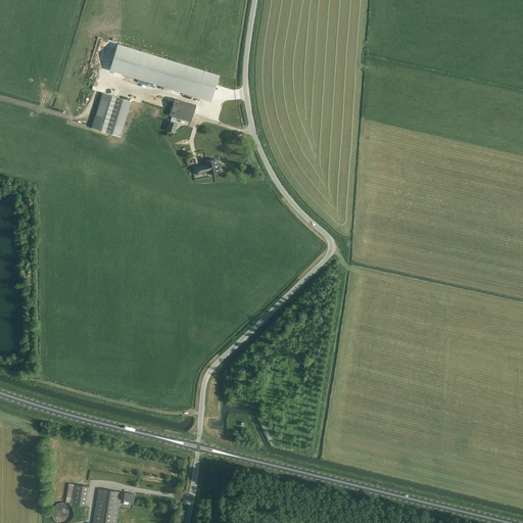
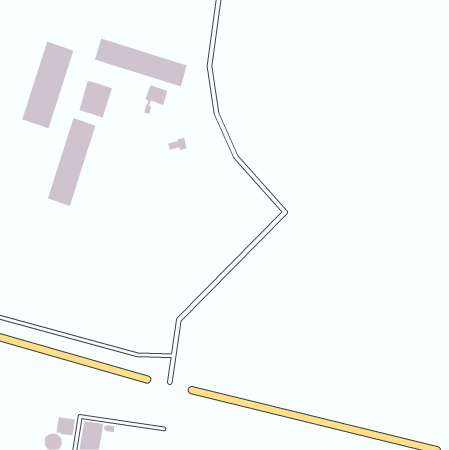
building: none -> [21,41,74,129]
building: none -> [47,117,96,207]

